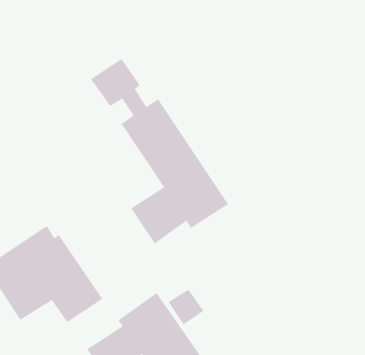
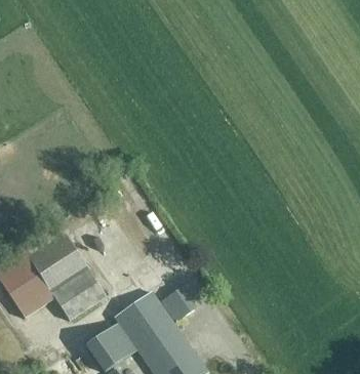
building: [90,58,229,244] -> none

